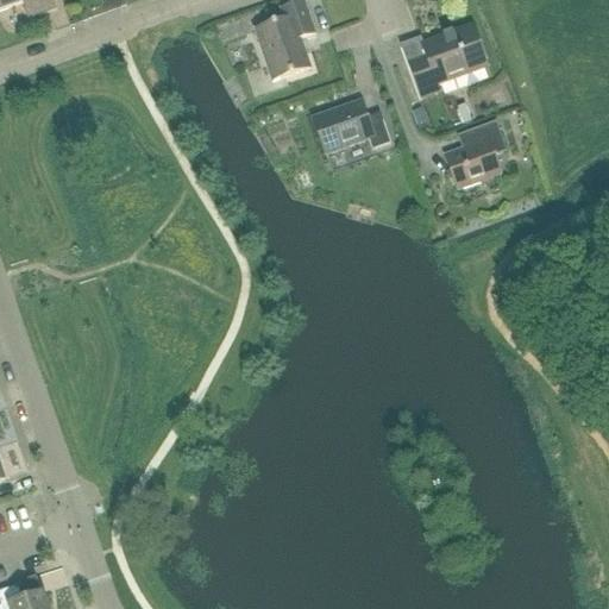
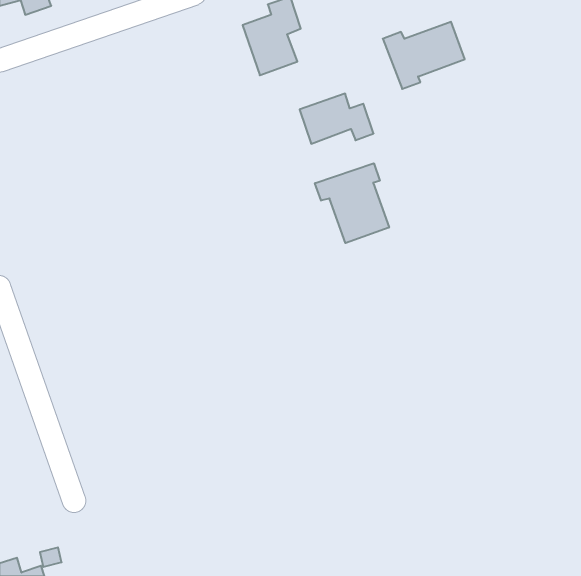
building: [444,117,506,184] -> none
building: none -> [315,163,389,243]

